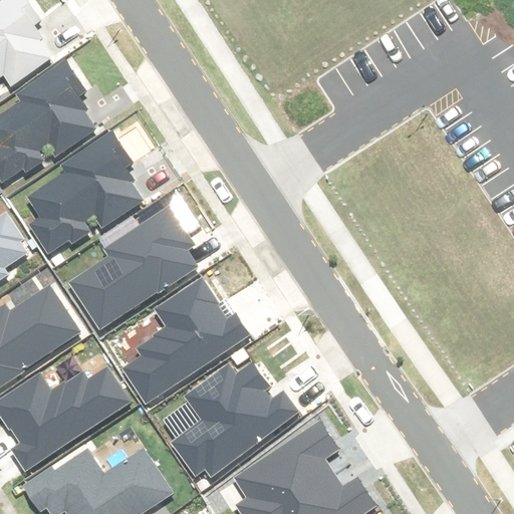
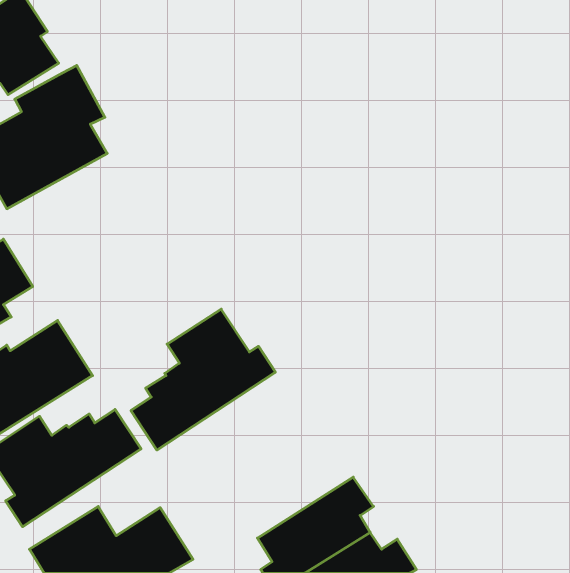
building: [27,132,145,257] -> none
building: [72,211,198,329] -> none
building: [174,365,298,474] -> none

